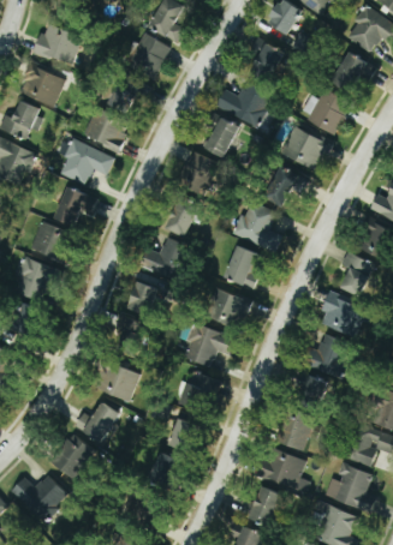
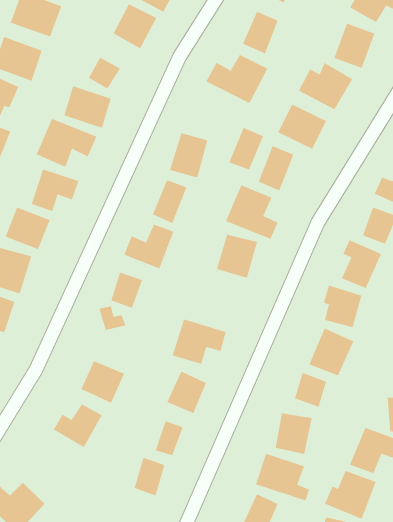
building: [204,116,237,156] -> [229,127,264,170]
building: [203,287,251,328] -> none
building: [49,433,94,479] -> none

